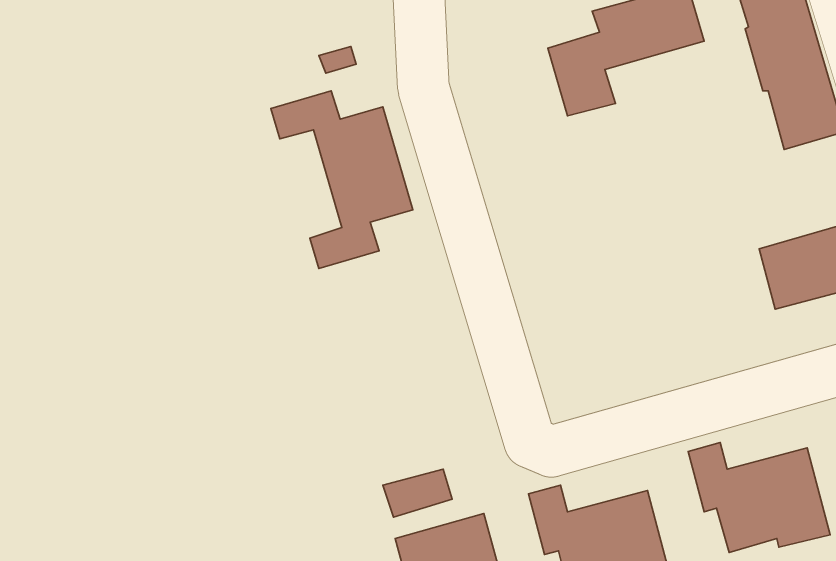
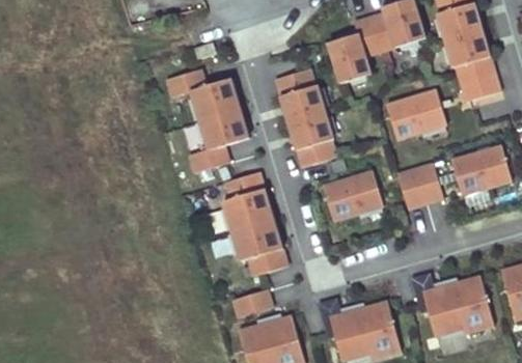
building: none -> [275,67,336,167]
building: none -> [386,89,446,139]
building: none -> [397,163,442,208]
building: none -> [222,170,286,275]
building: none -> [323,170,383,220]

